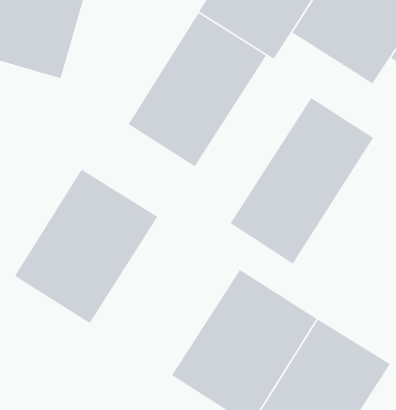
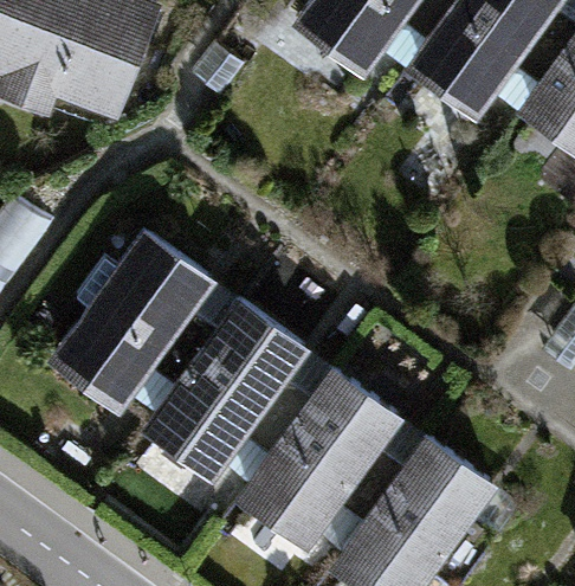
building: [128,12,267,167] -> none
building: [230,97,374,265] -> none
building: none -> [135,292,323,489]

